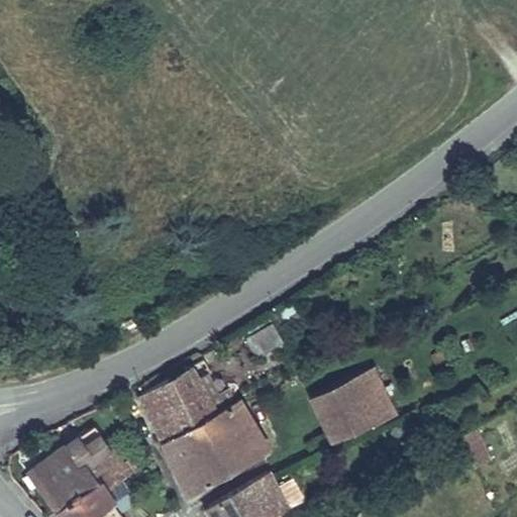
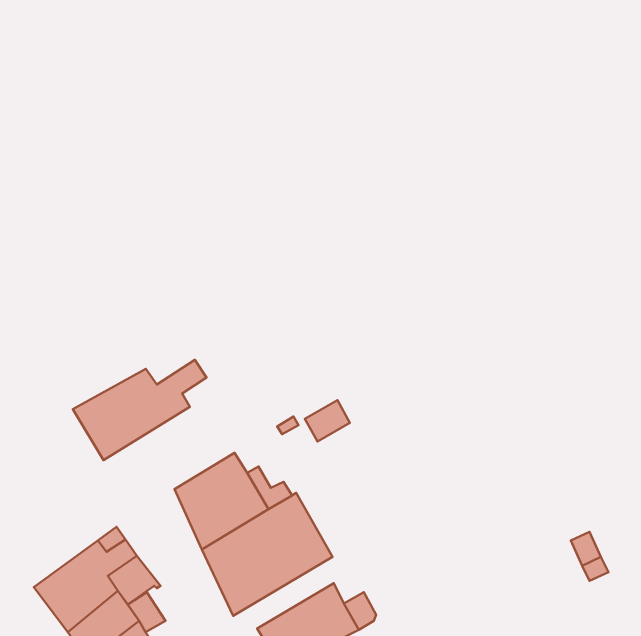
building: none -> [73,360,206,460]
building: [311,370,396,445] -> none

